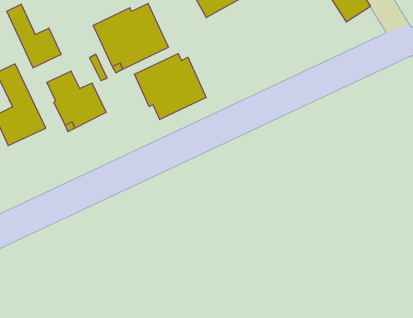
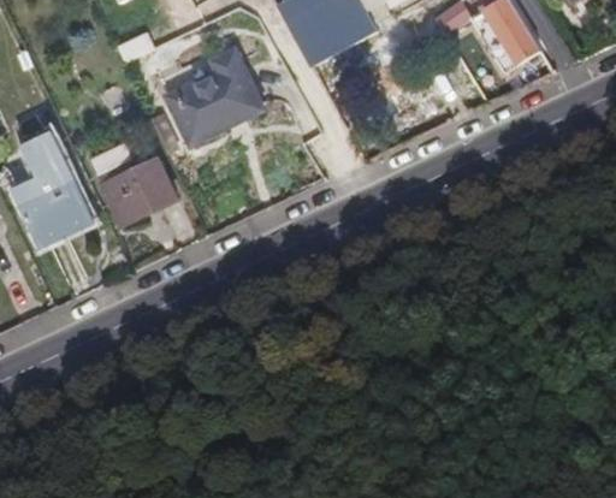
building: [7,4,61,68] -> none
building: [134,54,206,120] -> none

